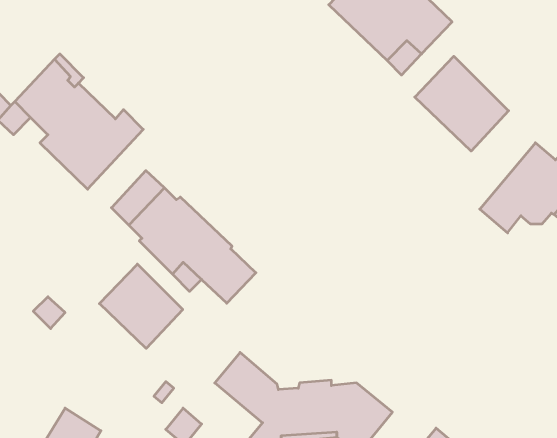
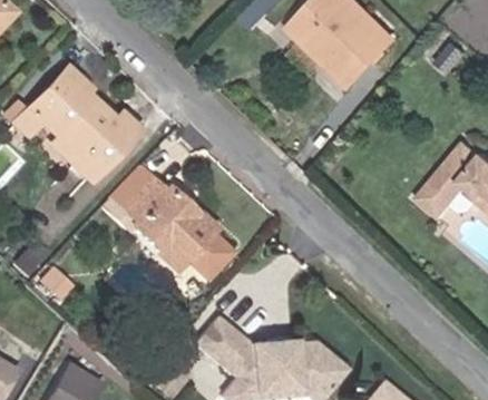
building: [415,56,509,151] -> none
building: [99,264,183,348] -> none

